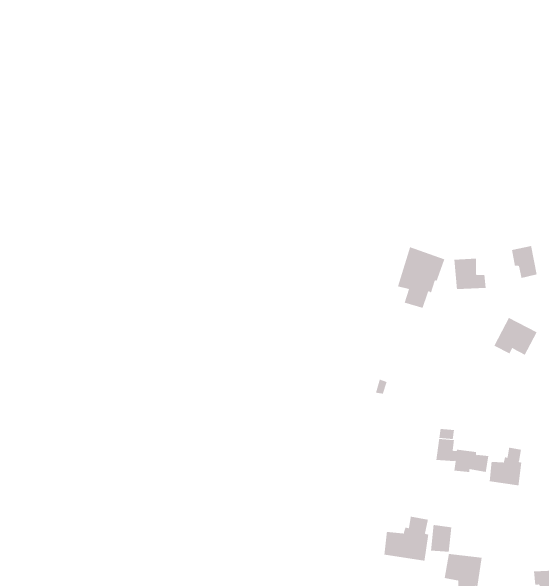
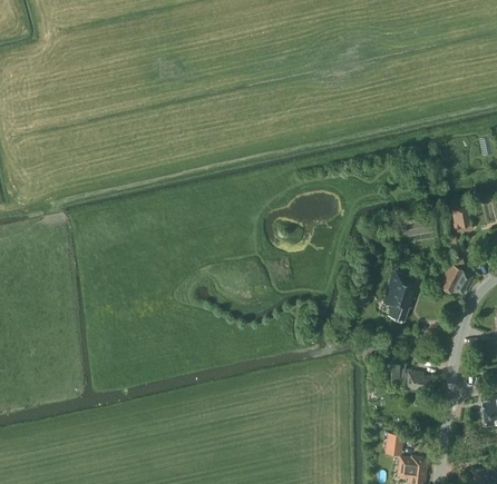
building: [397,247,445,308] -> [382,271,421,322]
building: [489,447,522,486] -> none
building: [384,516,429,562] -> none

